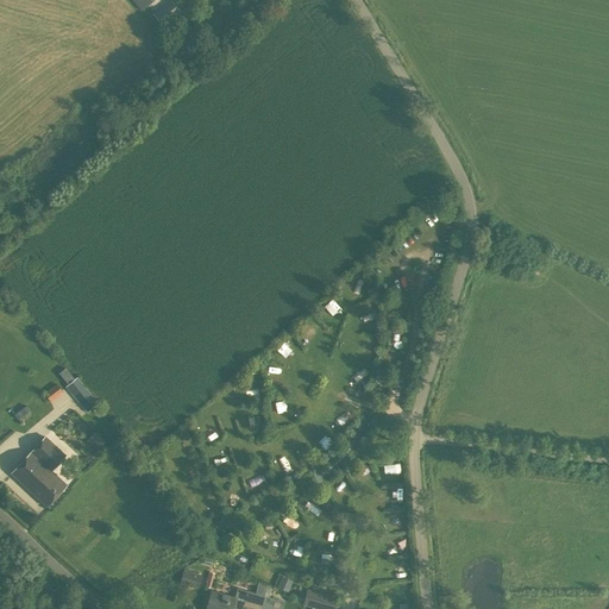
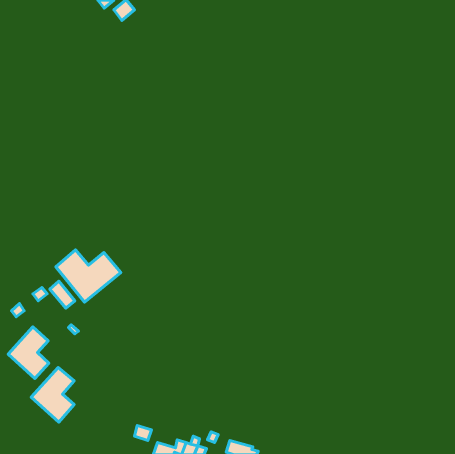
building: none -> [56,250,121,302]
building: none -> [31,367,74,422]

